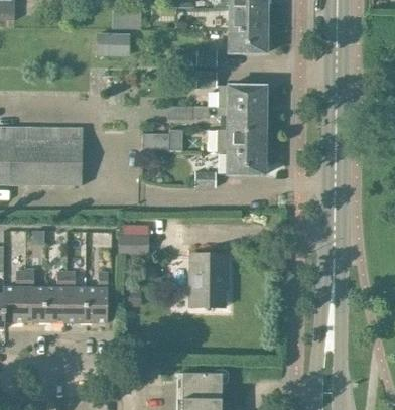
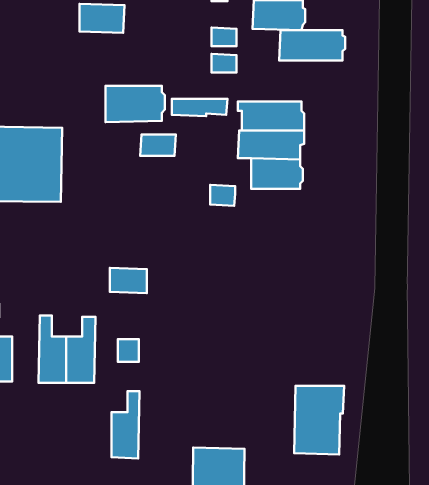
building: [217,85,267,108] -> [279,30,345,61]
building: none -> [105,86,165,122]
building: [189,254,228,306] -> [294,386,344,454]
building: [44,271,65,322] -> [112,391,139,459]

